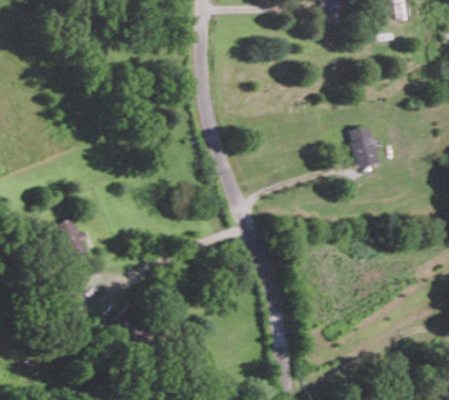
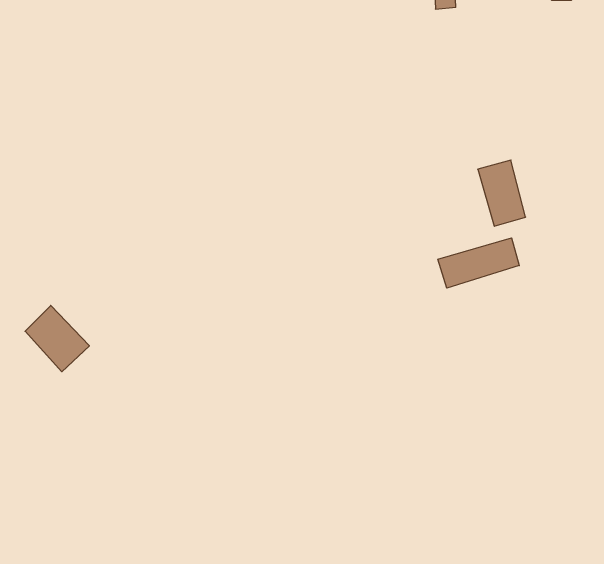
building: none -> [438,238,519,288]

